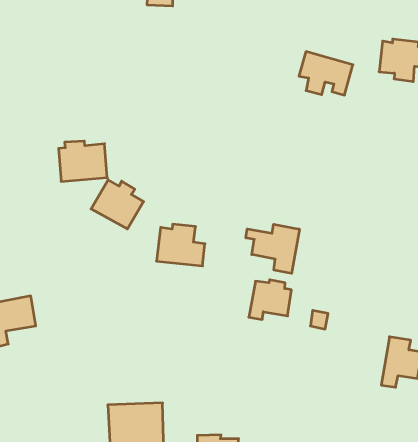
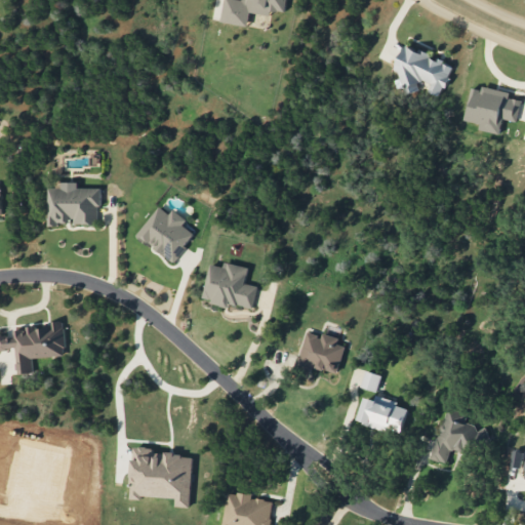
building: [299,52,353,95] -> [394,45,453,96]
building: [59,141,107,181] -> [48,181,99,225]
building: [246,224,299,273] -> none
building: none -> [358,397,408,434]

